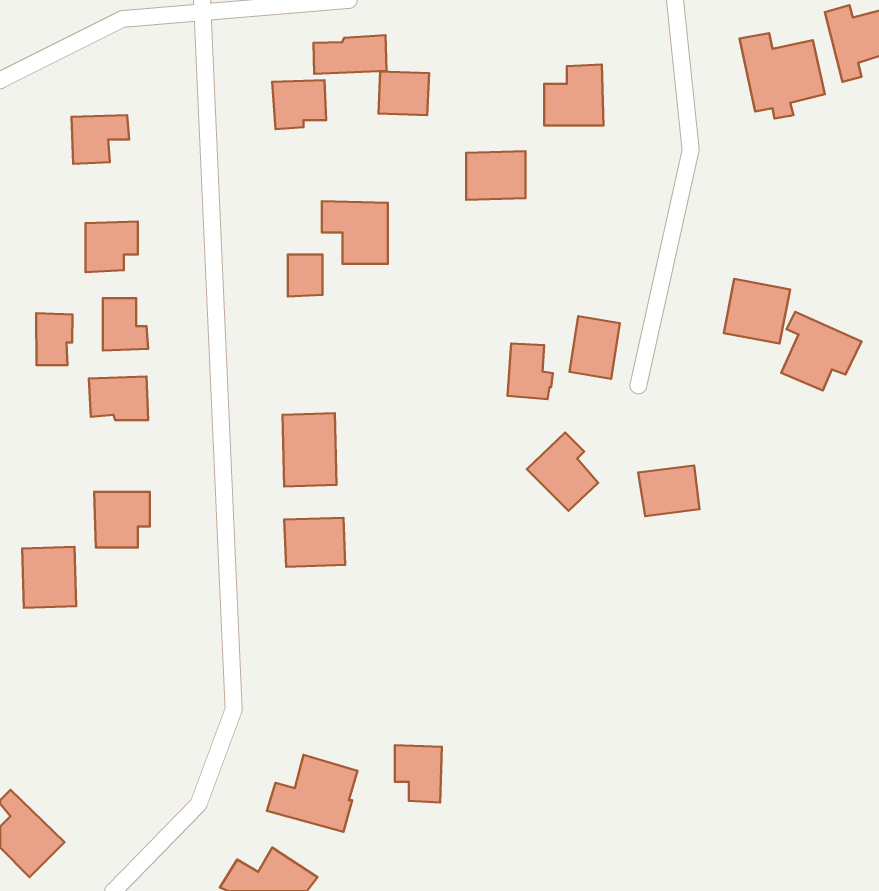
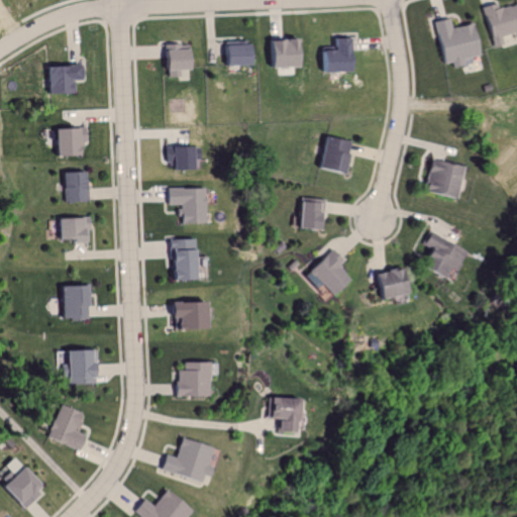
building: [314,35,387,74] -> none
building: [466,151,525,200] -> [270,40,304,69]
building: [322,201,388,264] -> [170,188,208,224]
building: [781,312,861,390] -> [424,234,471,280]
building: [36,313,72,365] -> none
building: [569,316,620,379] -> [320,138,349,175]
building: [22,547,76,608] -> [67,348,98,384]
building: none -> [178,361,212,396]
building: none -> [47,404,86,449]
building: [395,745,442,803] -> [271,397,298,430]

